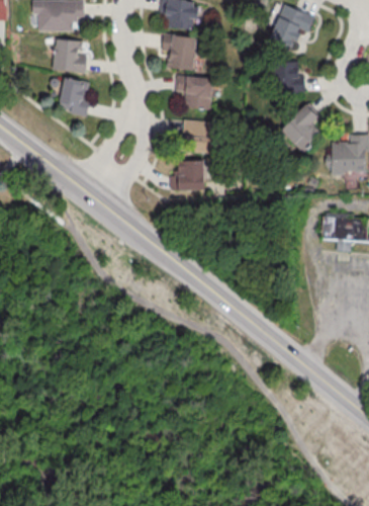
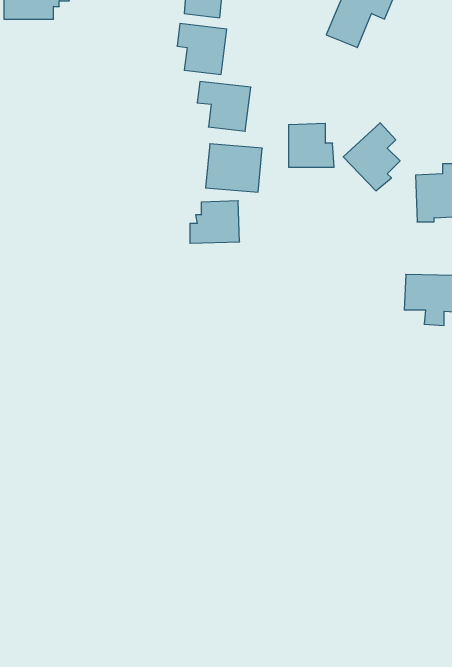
building: [52,38,87,73] -> none
building: [272,61,304,92] -> [289,123,334,167]
building: [59,77,90,116] -> none

